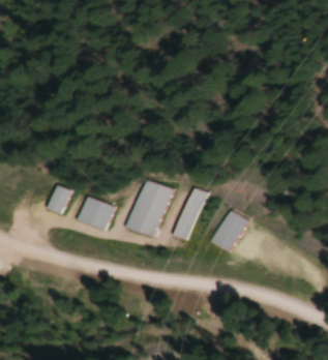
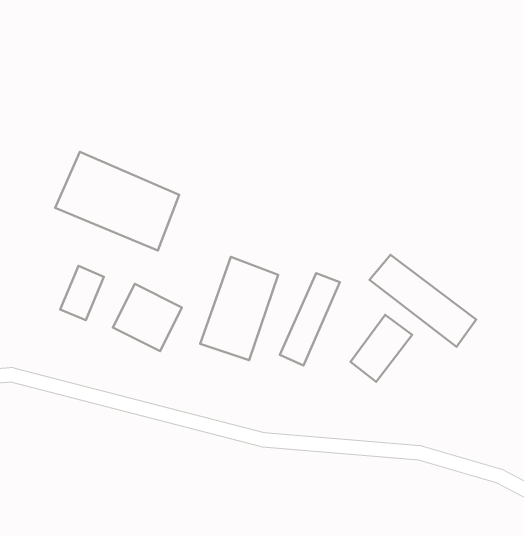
building: none -> [55,152,179,251]
building: none -> [370,255,476,347]

